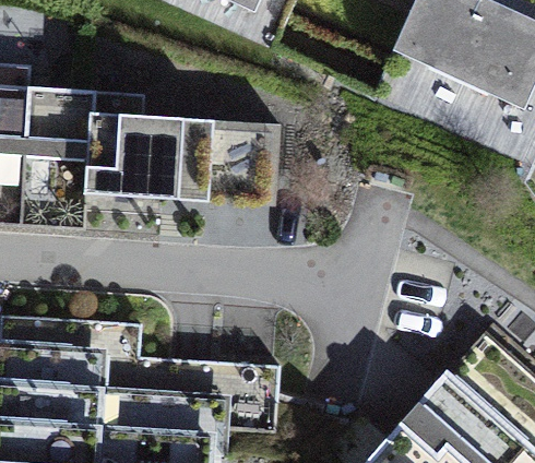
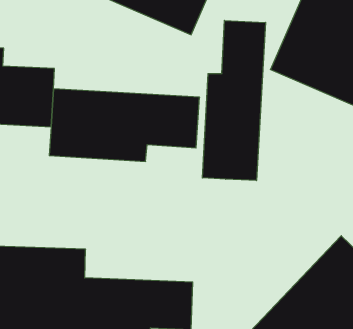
building: none -> [202,20,266,181]

